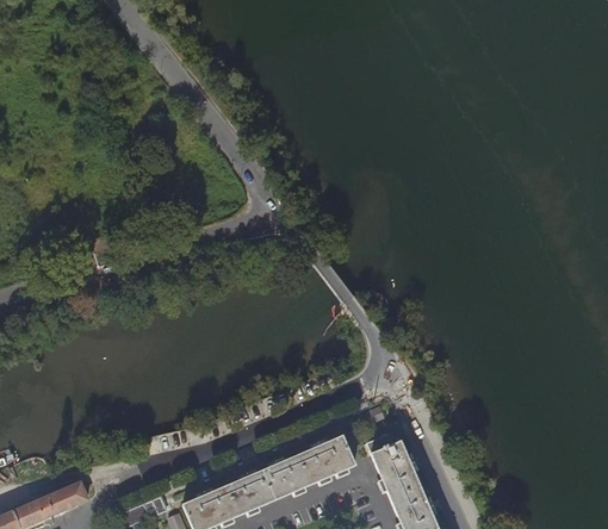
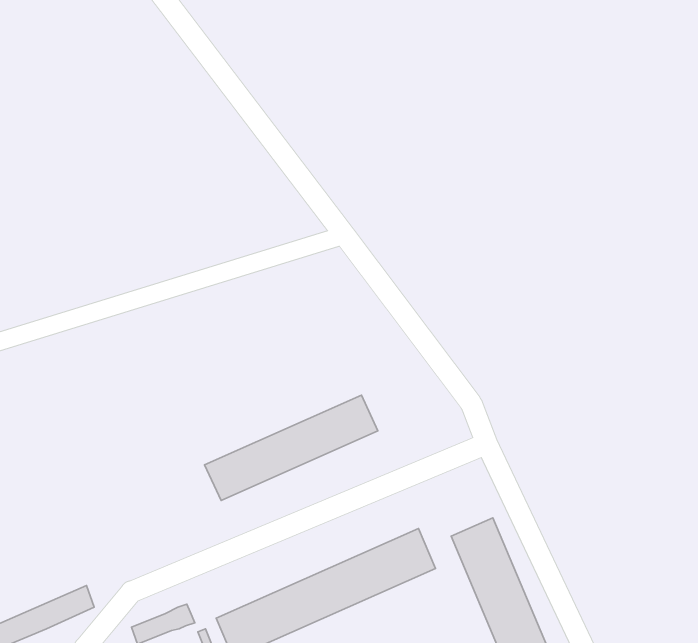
building: none -> [205,395,378,500]

